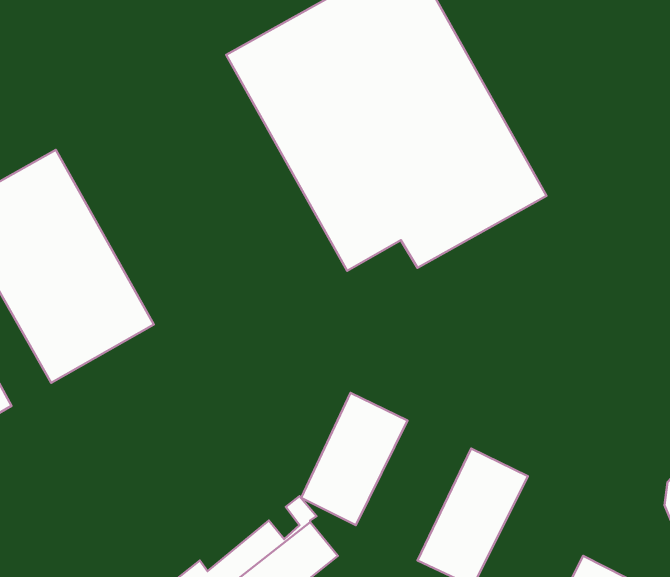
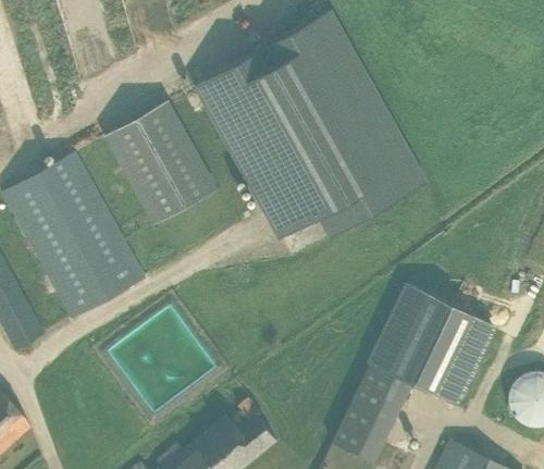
building: none -> [106,102,215,225]
building: none -> [370,285,492,405]
building: [301,393,408,525] -> none

